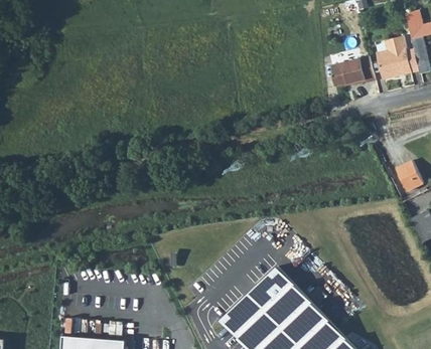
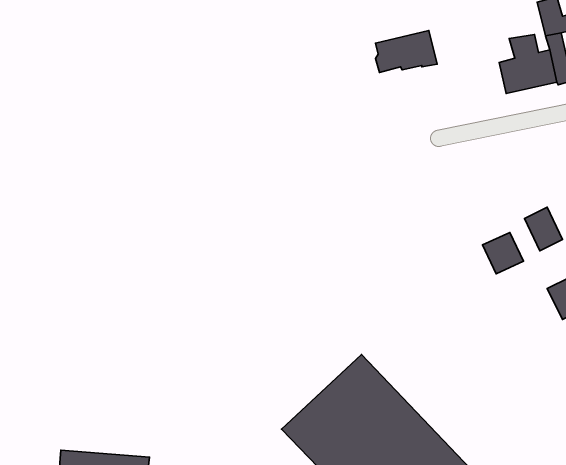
building: [330,56,375,86] -> [375,30,437,73]
building: none -> [482,232,523,274]

